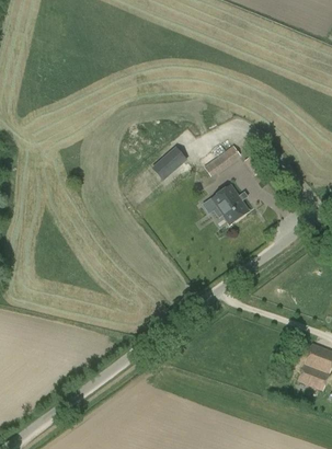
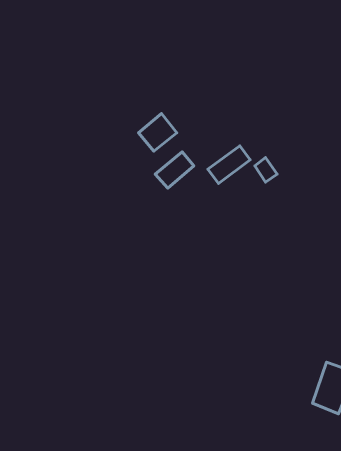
building: none -> [139,114,177,151]
building: [211,185,248,223] -> none

